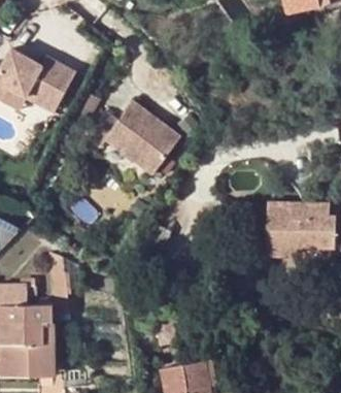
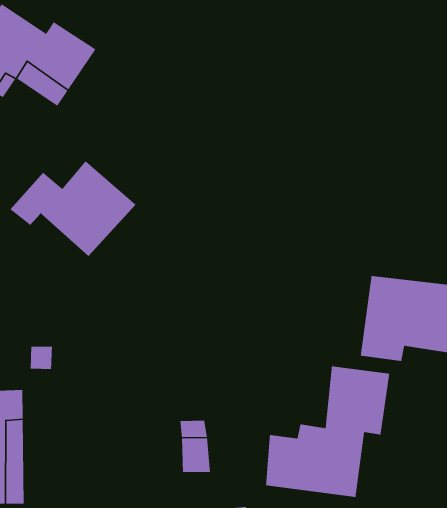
building: [100,110,182,173] -> [10,160,136,257]
building: none -> [265,366,390,498]

